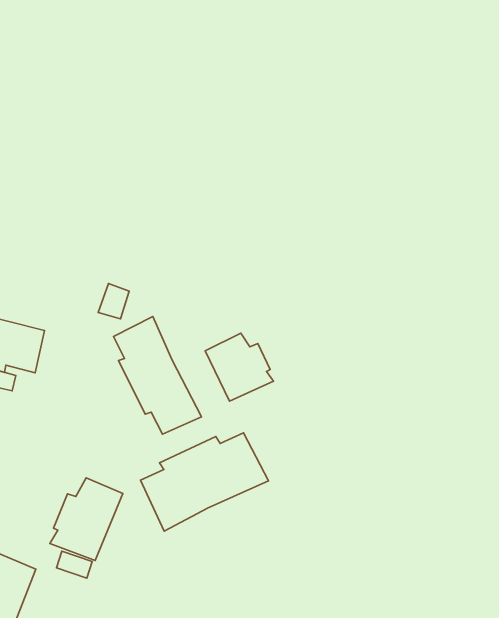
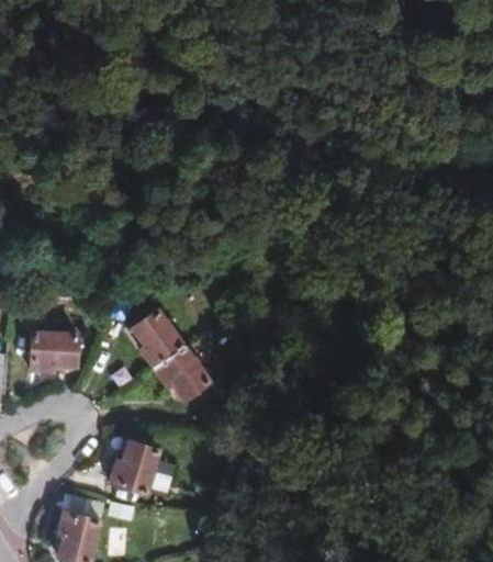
building: [205,333,273,401] -> none
building: [141,433,268,531] -> none

